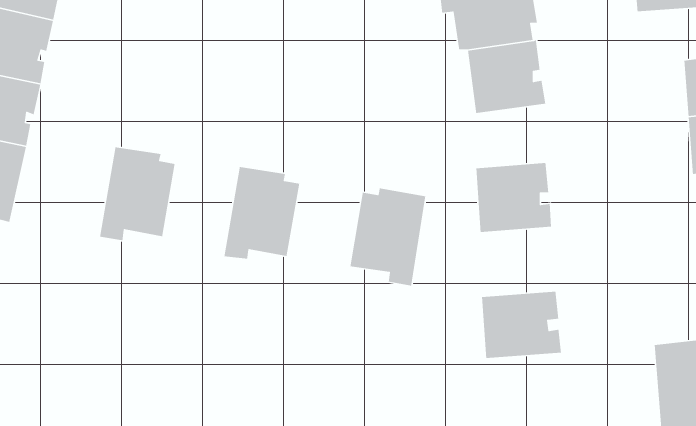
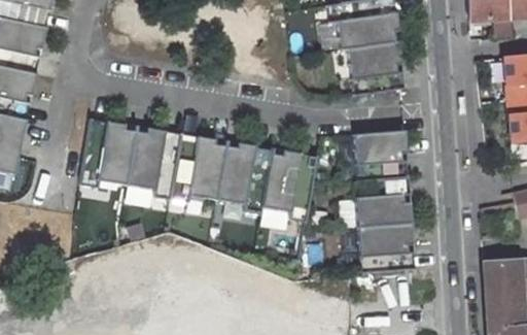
building: none -> [125,128,180,199]
building: none -> [215,141,270,213]
building: none -> [353,177,411,228]

